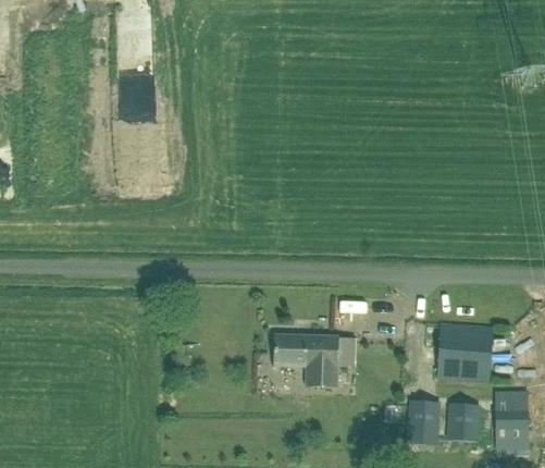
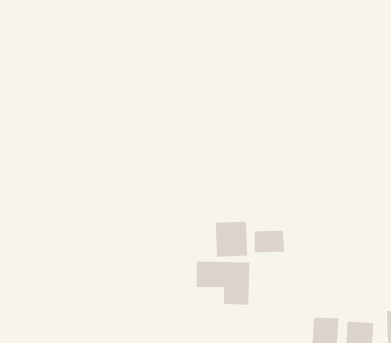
building: none -> [215,221,248,257]
building: [437,322,494,381] -> none

